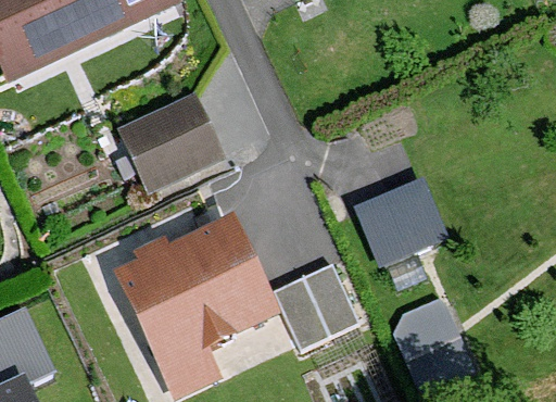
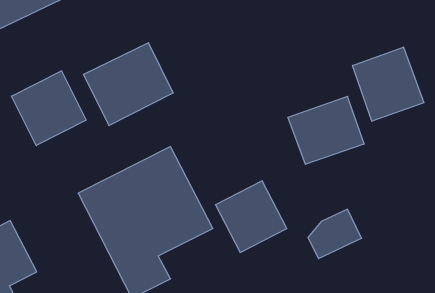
building: none -> [353,47,424,121]
building: none -> [11,71,86,146]

